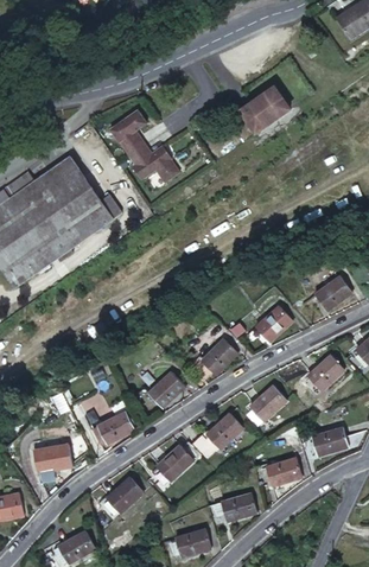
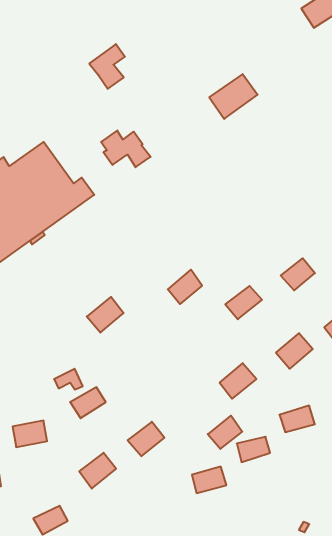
building: [109,112,146,158] -> [89,44,125,89]
building: [204,337,240,372] -> [168,270,202,304]
building: [148,371,186,408] -> [87,297,124,333]
building: [208,414,243,448] -> [208,416,242,449]
building: [174,528,211,556] -> none

